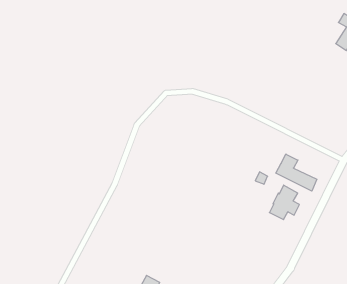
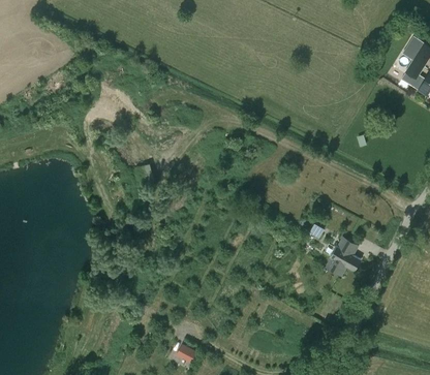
building: [276,154,317,191] -> none

